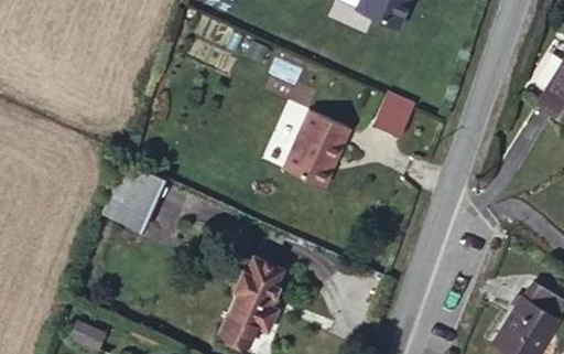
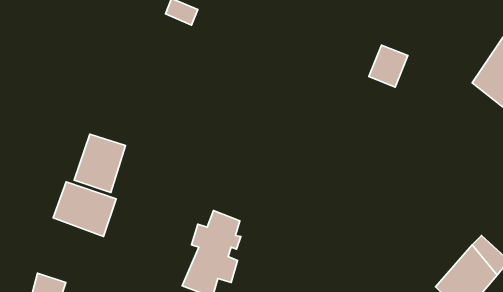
building: [373,92,414,136] -> [369,45,408,87]
building: [291,111,354,183] -> none
building: none -> [53,182,116,236]

